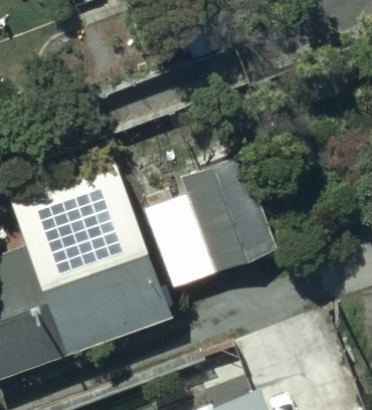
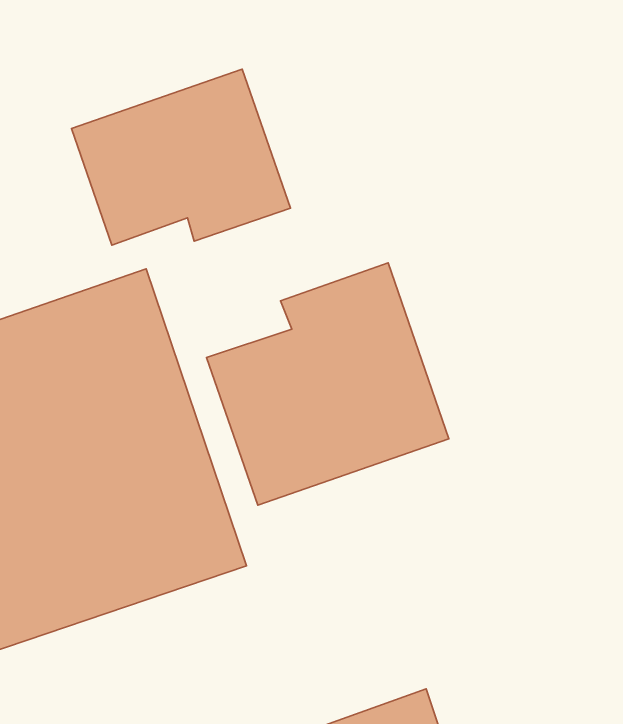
building: none -> [71,69,291,245]

